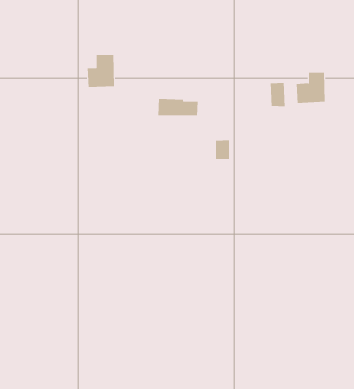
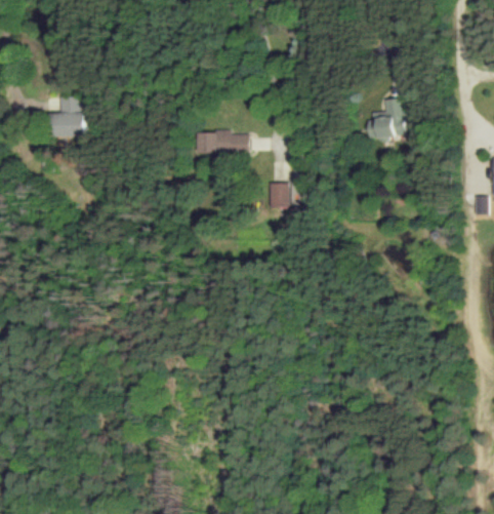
building: [87,55,115,87] -> [48,96,83,137]
building: [270,82,285,107] -> none

